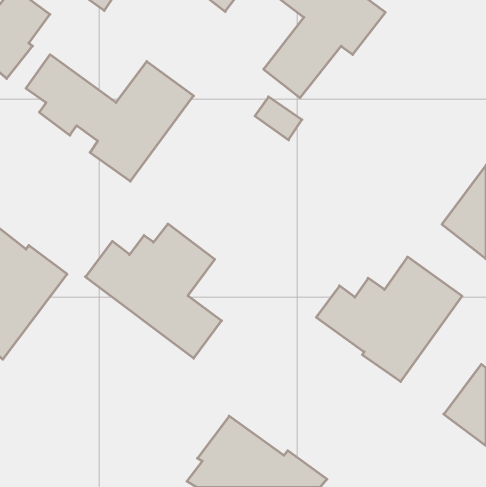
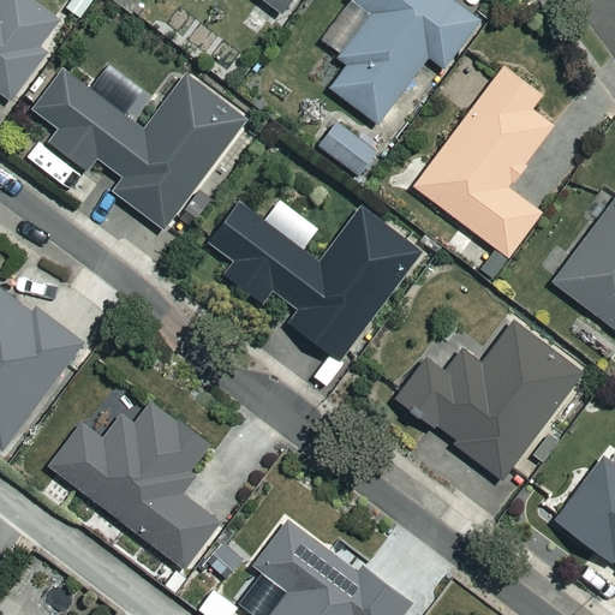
building: none -> [414,65,553,256]
building: none -> [208,203,420,359]
building: [85,224,222,358] -> [49,400,220,568]

